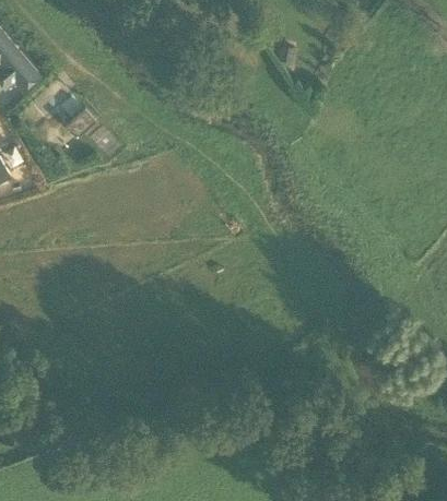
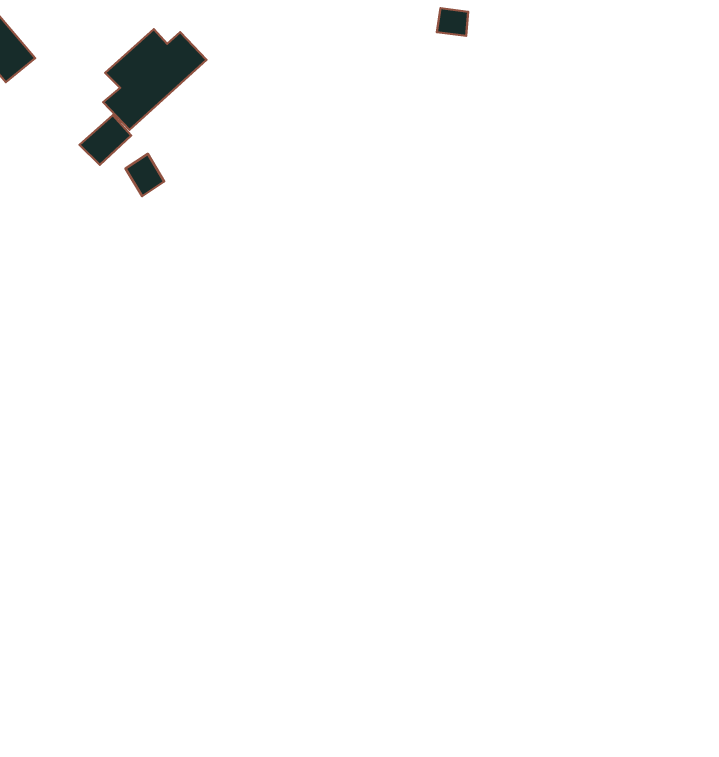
building: none -> [103,29,206,130]

